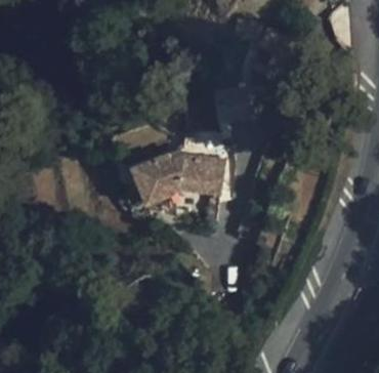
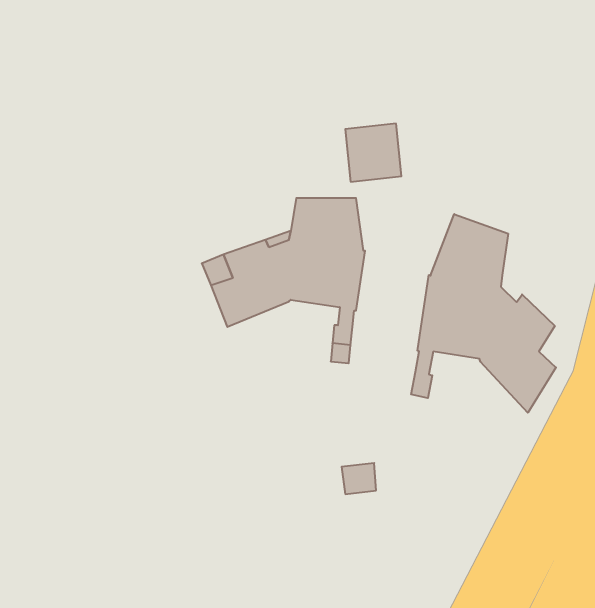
building: none -> [411,214,556,413]

